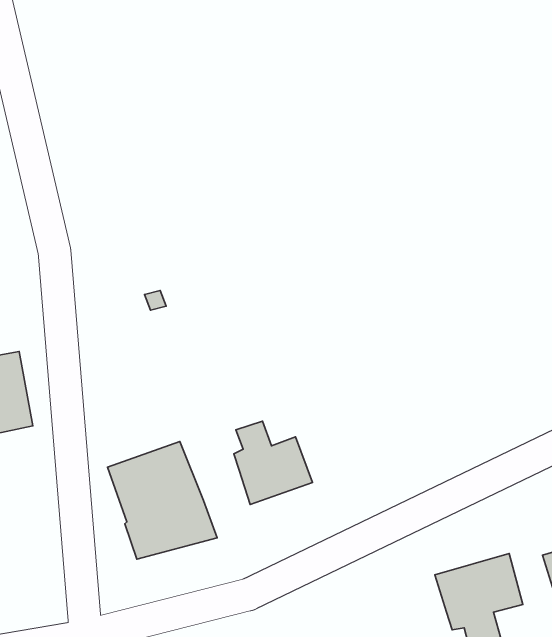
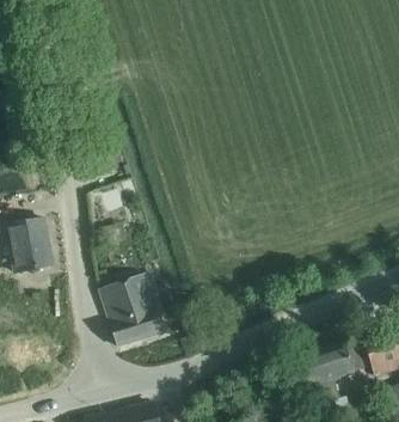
building: [234,421,313,504] -> none

